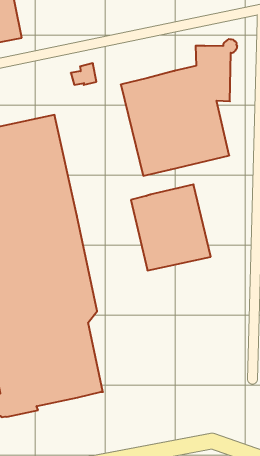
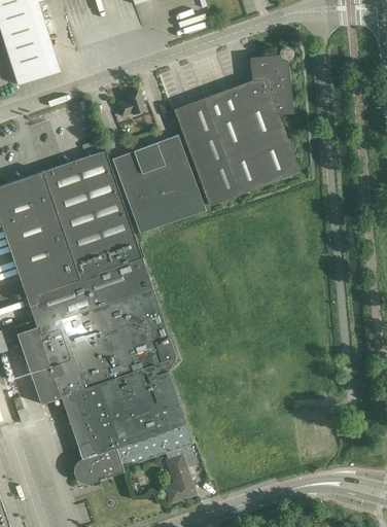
building: [131,184,211,270] -> [112,134,206,233]
building: none -> [166,444,198,501]

